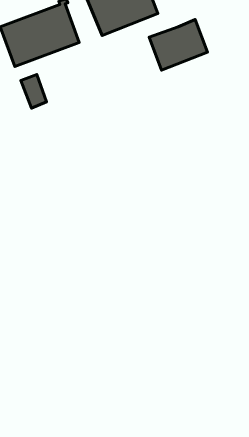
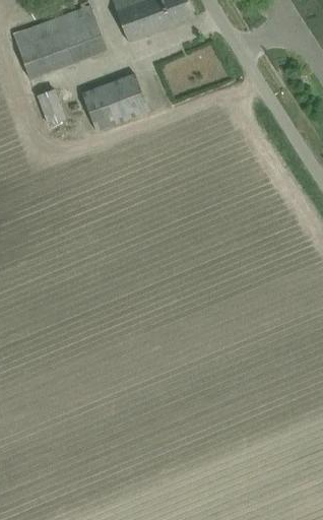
building: [149,20,207,70] -> [83,73,150,131]

